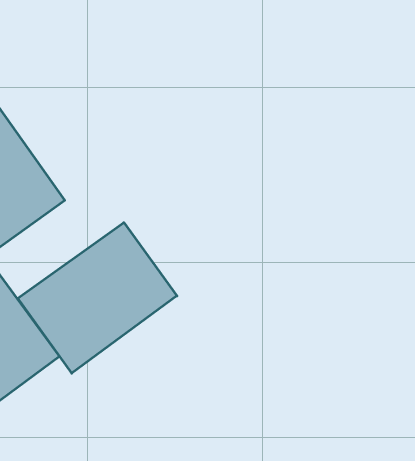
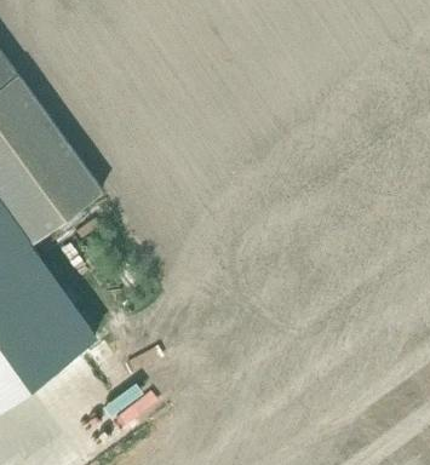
building: [18,223,177,373] -> none

